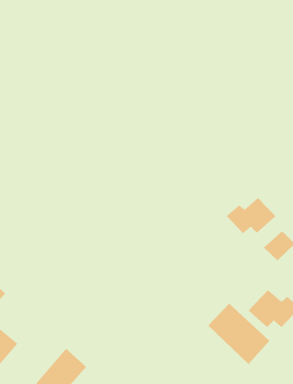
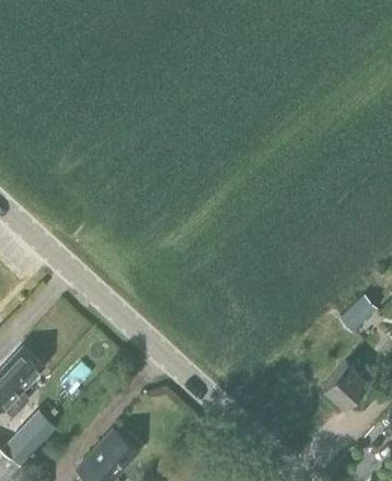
building: [226,197,276,234] -> none
building: [207,303,270,365] -> none

